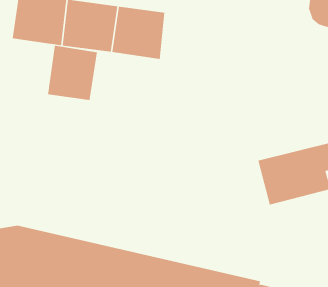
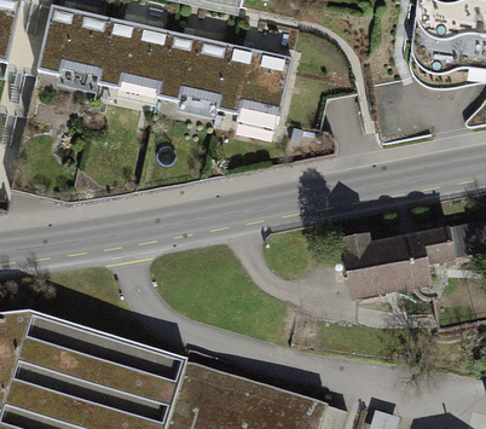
building: none -> [221,57,285,124]
building: [47,45,97,101] -> none

